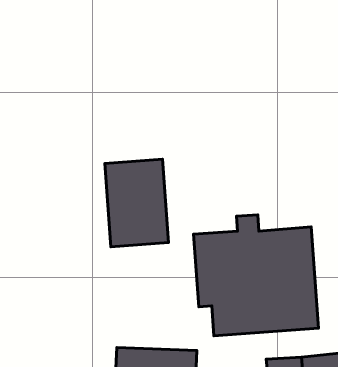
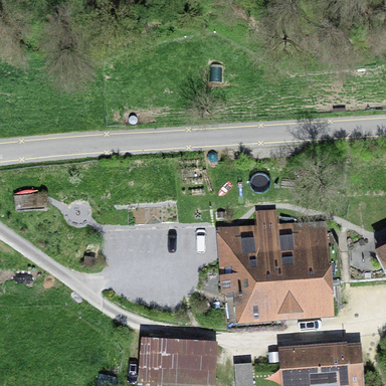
building: [105,159,169,247] -> none

